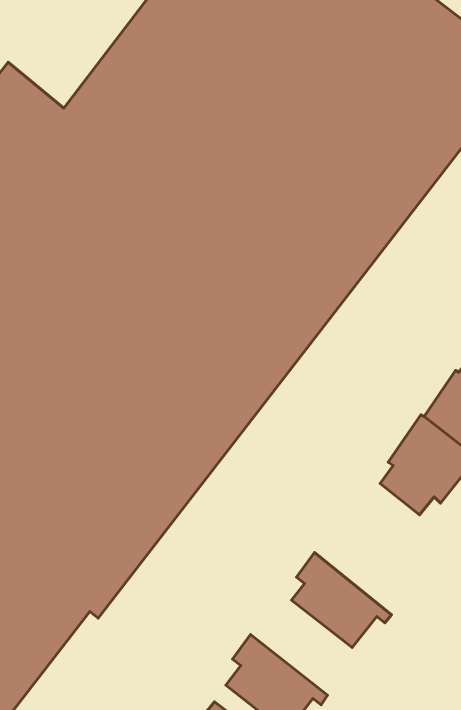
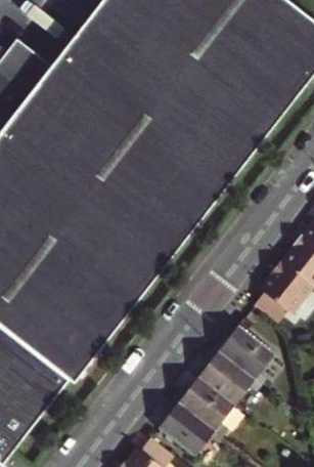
building: none -> [209,325,272,384]
building: none -> [169,375,232,434]

